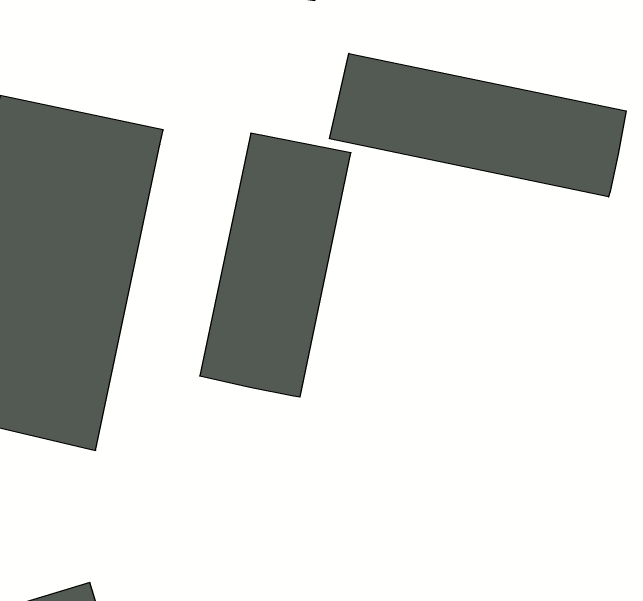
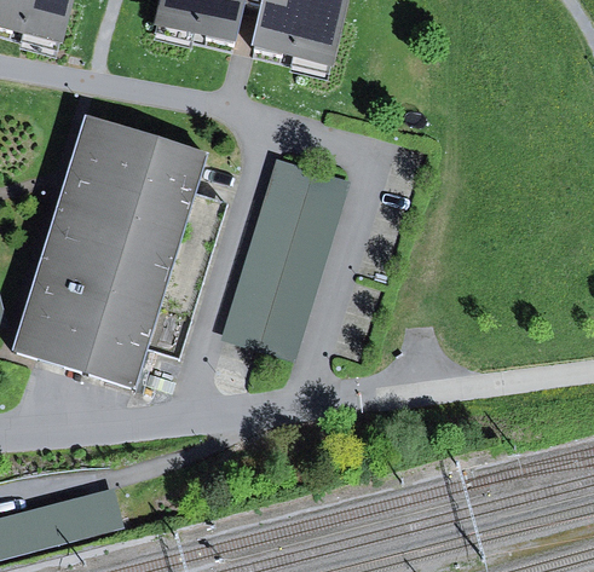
building: [330,53,626,197] -> none

